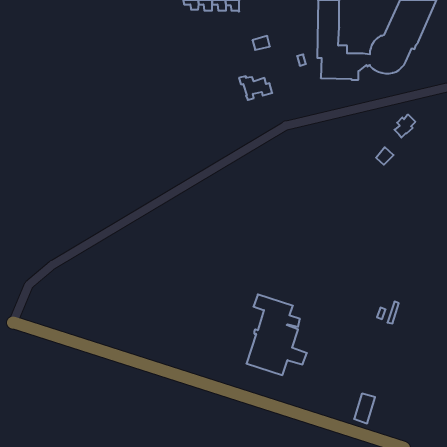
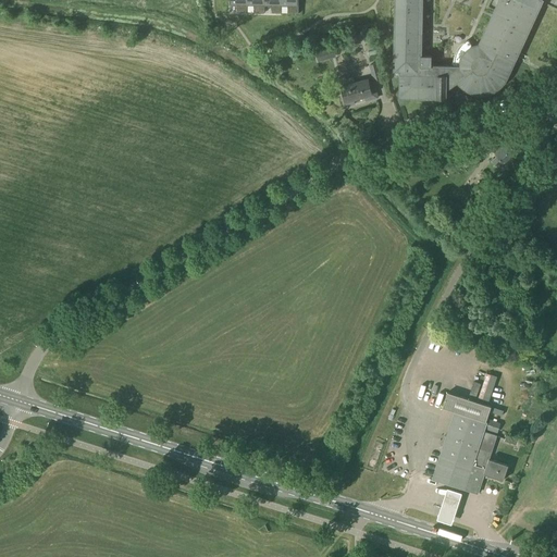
building: [239,76,272,100] -> [335,78,376,108]
building: [246,294,307,375] -> [432,394,507,494]

